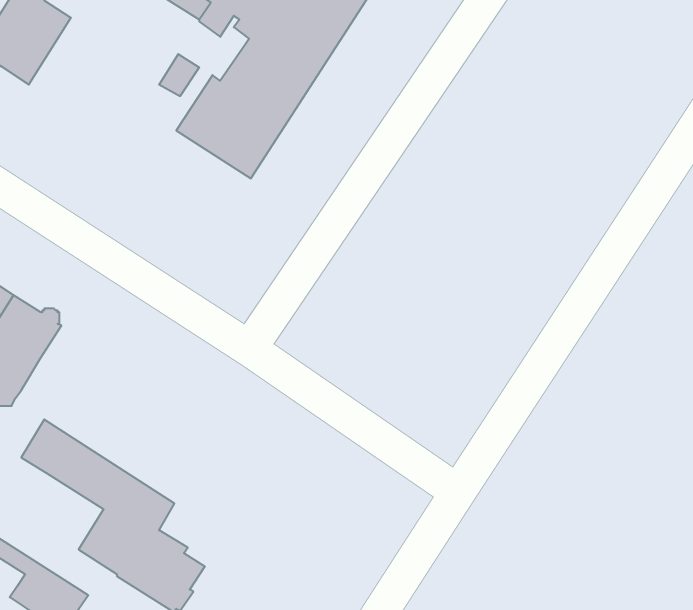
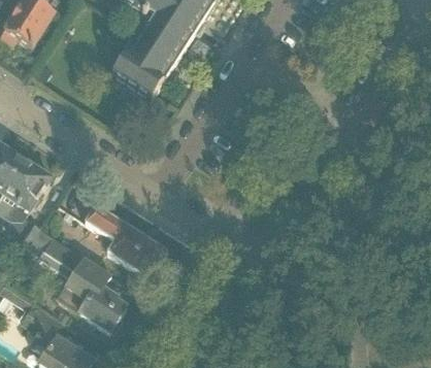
building: none -> [84,205,167,278]

